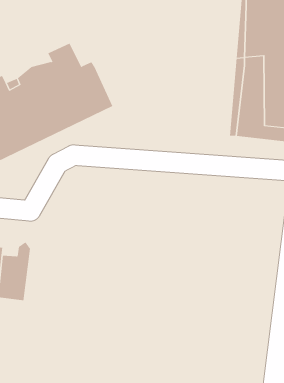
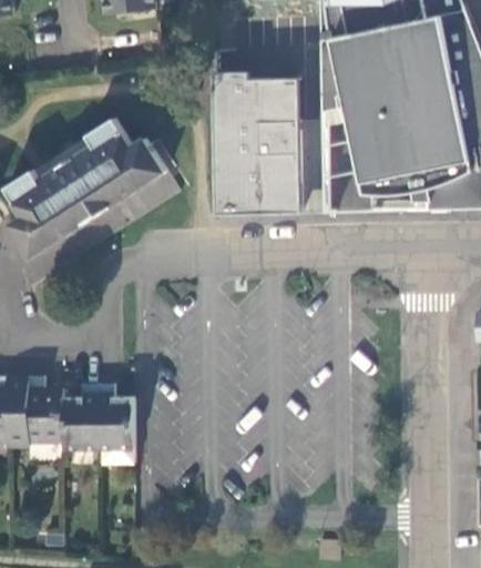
building: none -> [212,68,301,212]
building: none -> [96,376,133,465]

